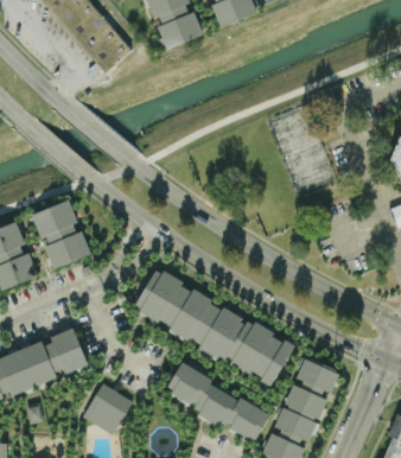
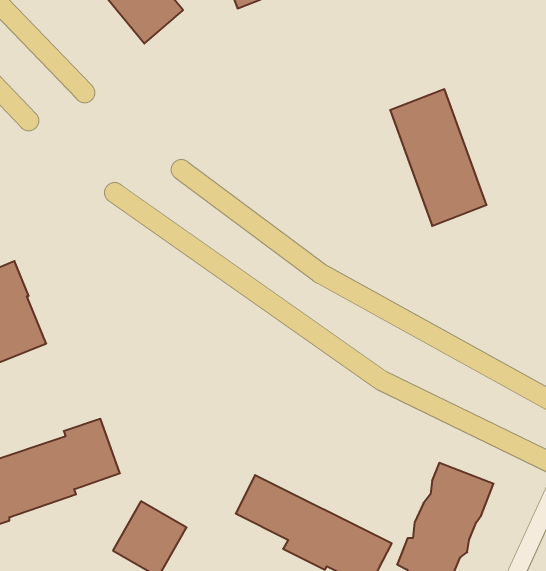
building: [33,201,91,269] -> none
building: [133,268,293,384] -> none

